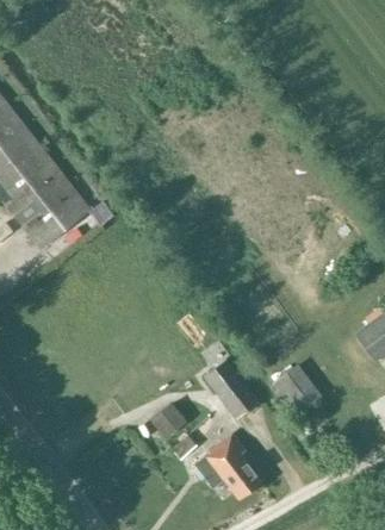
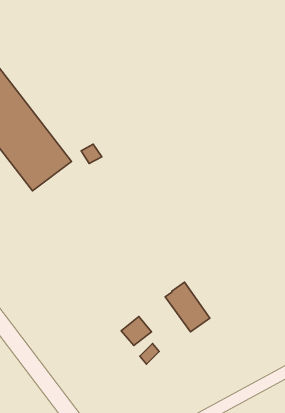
building: [273,362,322,413] -> none
building: [195,434,263,498] -> none

